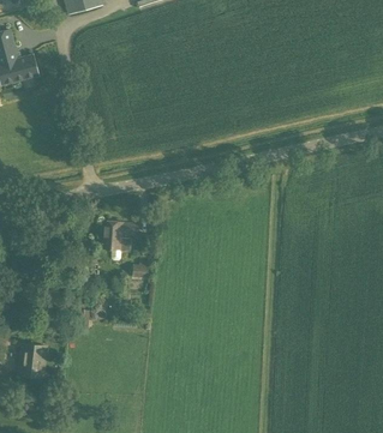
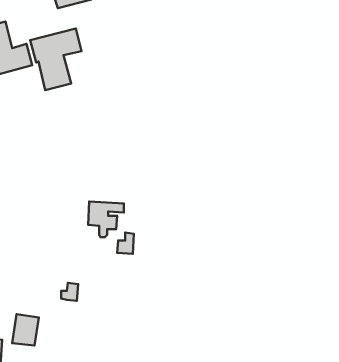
building: none -> [30,29,82,90]

